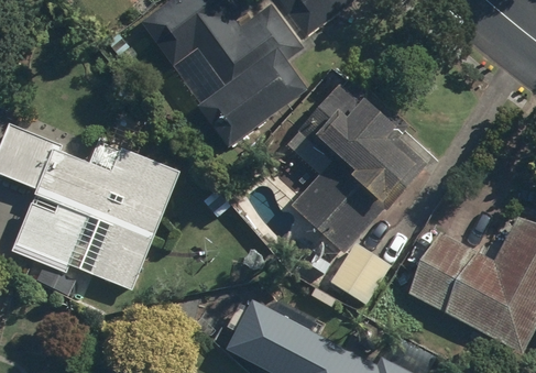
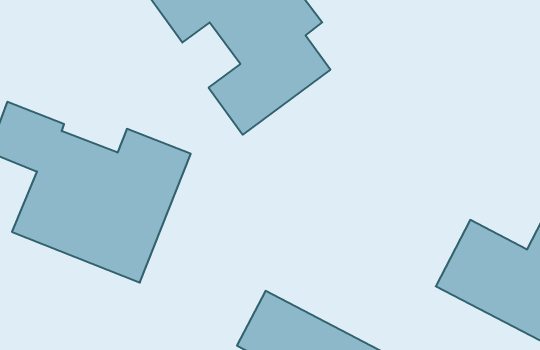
building: [291,80,414,250] -> none
building: [329,242,390,305] -> none

